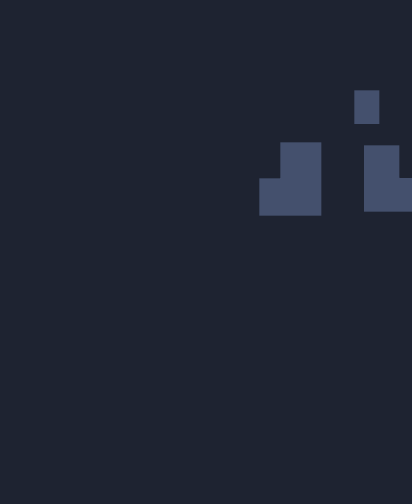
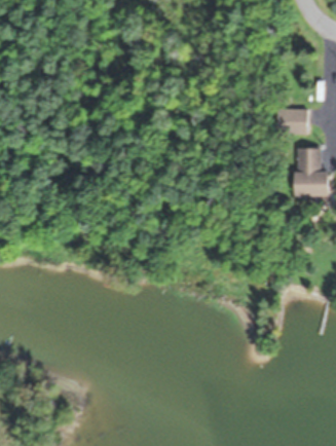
building: [258,142,322,216] -> none

